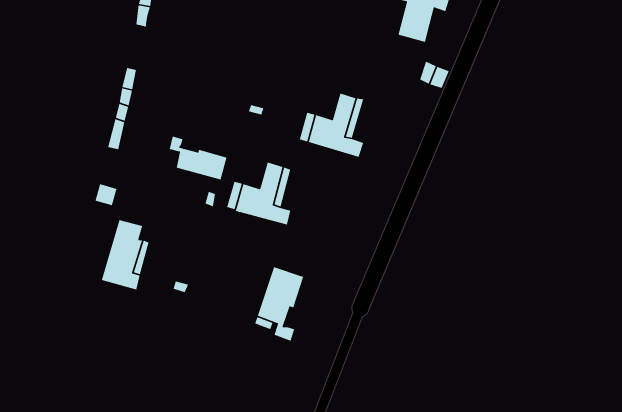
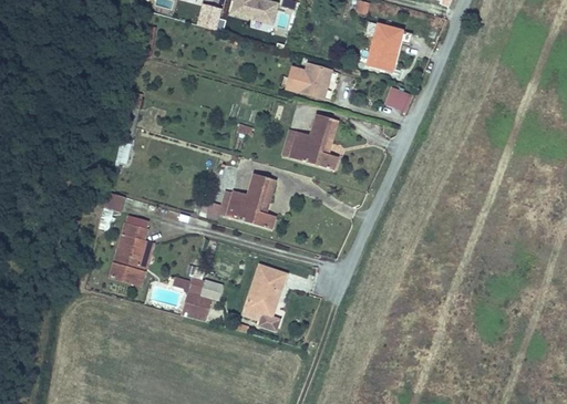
building: none -> [286,64,331,99]
building: [169,136,227,180] -> none
building: none -> [181,277,210,317]

